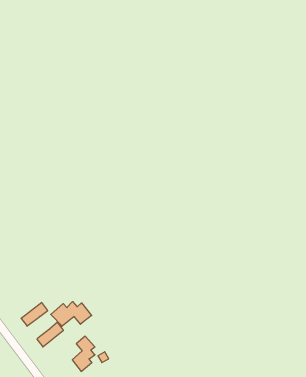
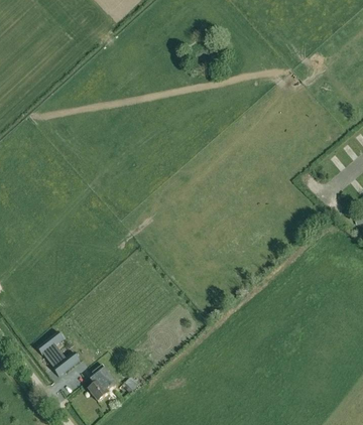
building: [51,302,92,326] -> none

